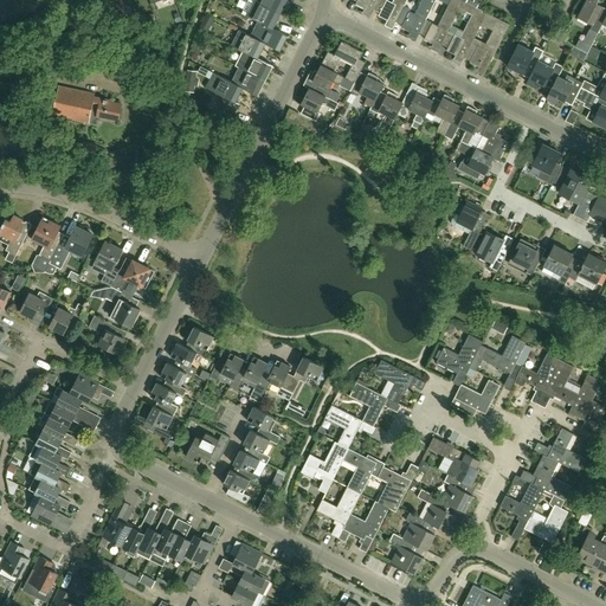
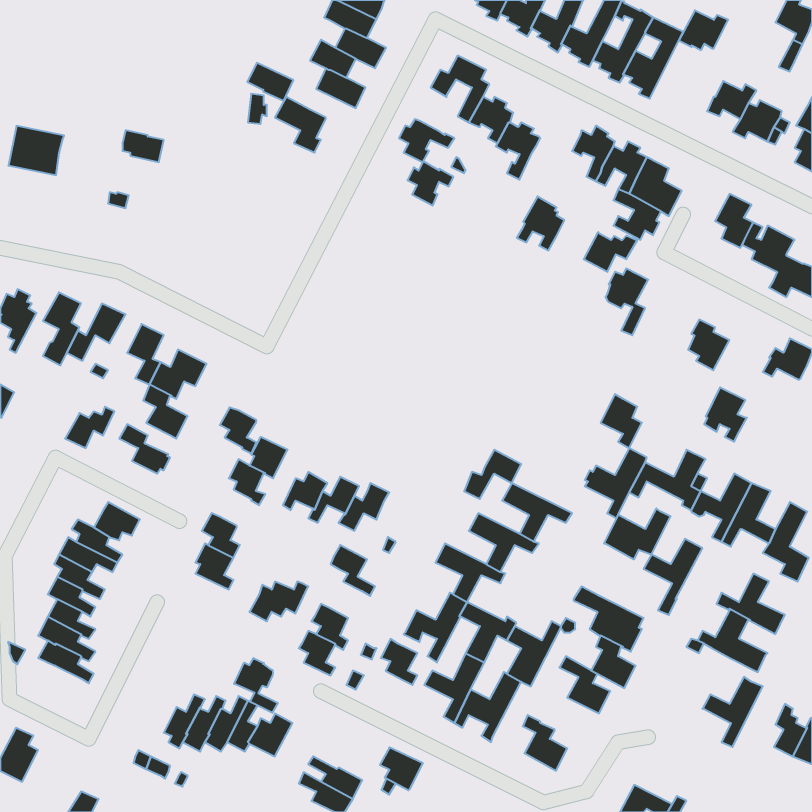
building: [507,44,543,73] -> [679,10,728,50]
building: [309,65,343,98] -> [407,161,453,206]
building: [231,67,265,96] -> [247,63,293,101]
building: [397,83,432,123] -> [517,196,564,250]
building: [53,86,95,123] -> [8,126,64,175]
building: none -> [584,232,637,272]
building: [476,231,507,271] -> [601,394,642,448]
building: [542,244,574,284] -> [704,387,747,442]
building: [20,291,53,320] -> none
building: [281,356,323,393] -> [464,450,521,499]
building: [160,362,187,397] -> [220,407,256,454]
building: [243,430,270,464] -> [381,639,417,685]
building: [499,483,543,540] -> [644,539,702,615]
building: none -> [234,658,278,713]
building: [30,494,75,533] -> none
building: [103,511,131,546] -> none
building: [402,512,434,550] -> none
building: [230,541,262,573] -> [380,747,423,790]
building: [22,556,57,597] -> none

